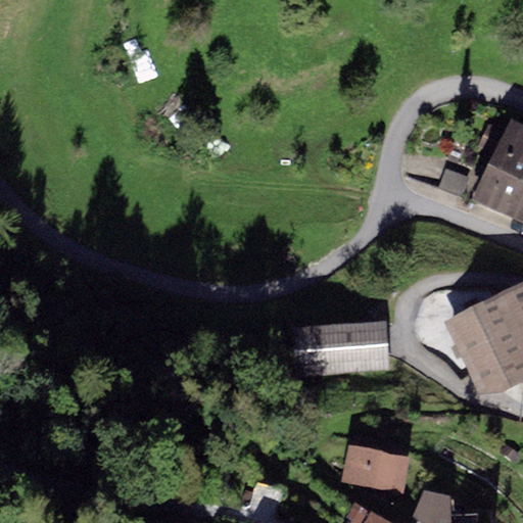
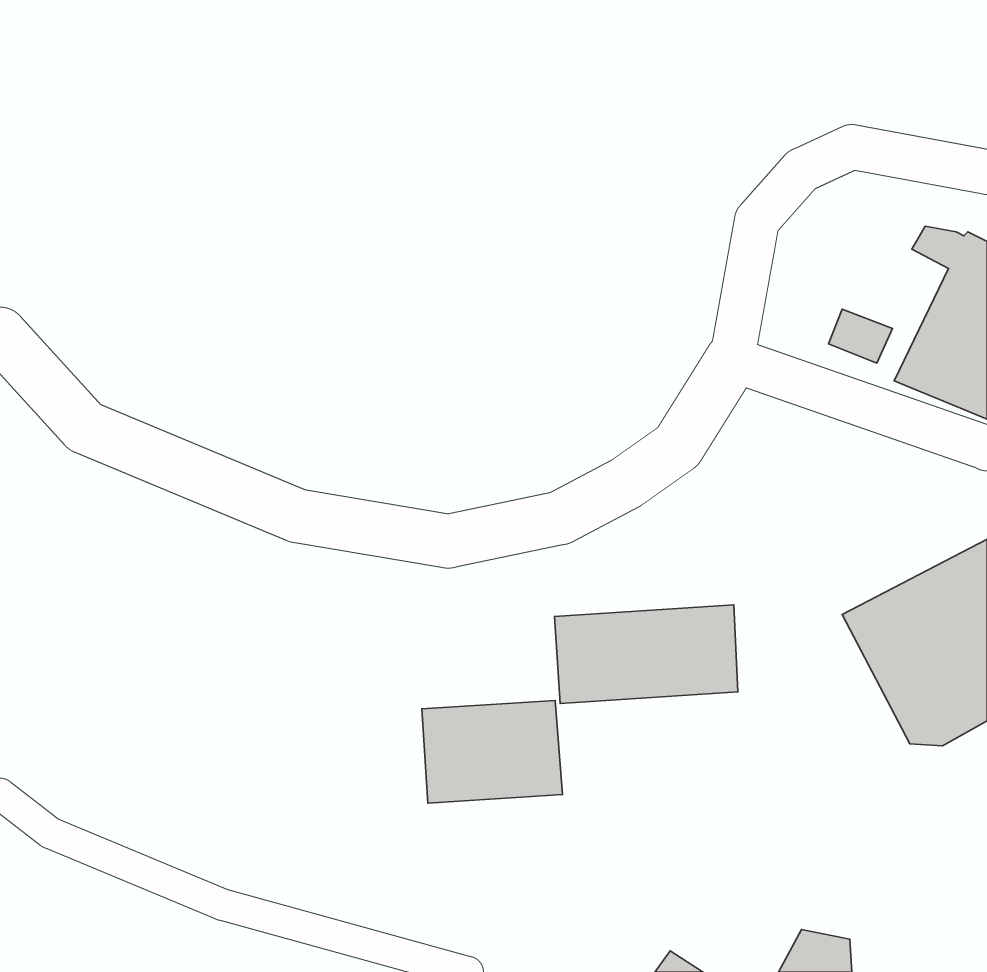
building: none -> [422,700,563,803]
building: [341,444,410,492] -> none

